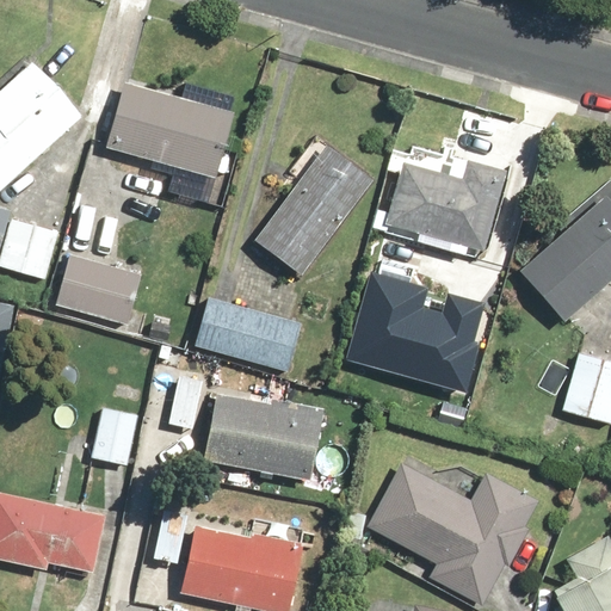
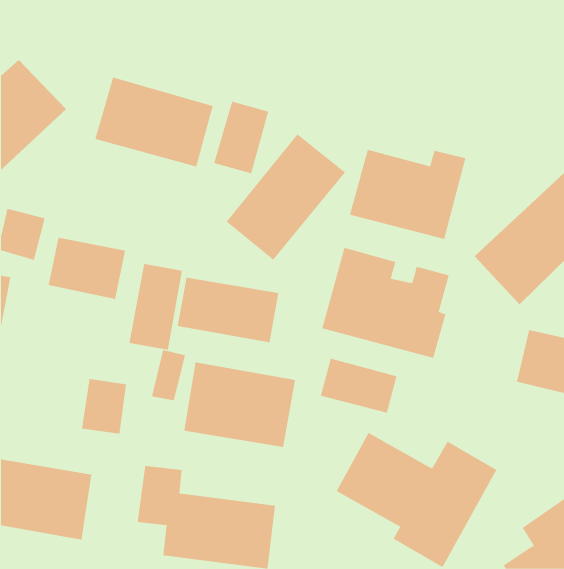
building: none -> [213,101,269,174]
building: none -> [129,263,182,351]
building: none -> [320,358,397,414]

